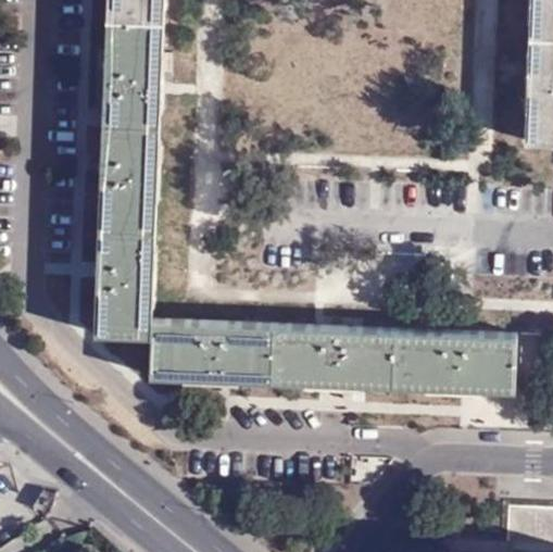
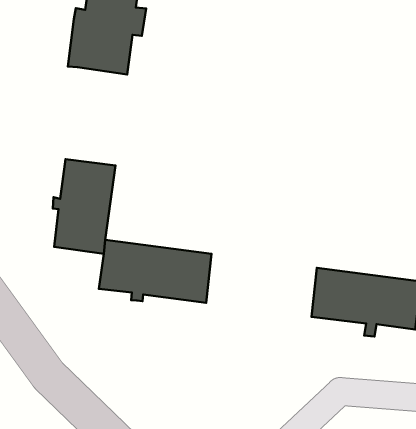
building: [92,125,159,234] -> none
building: [272,317,394,393] -> none

